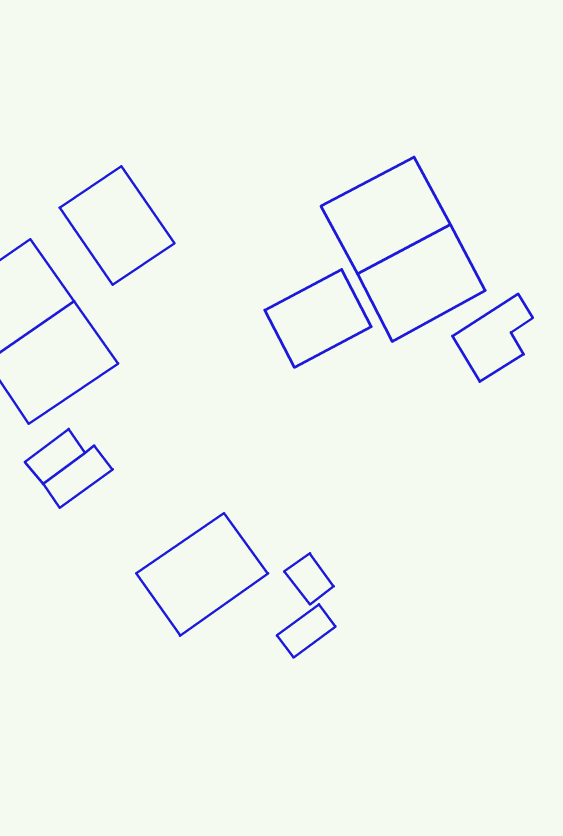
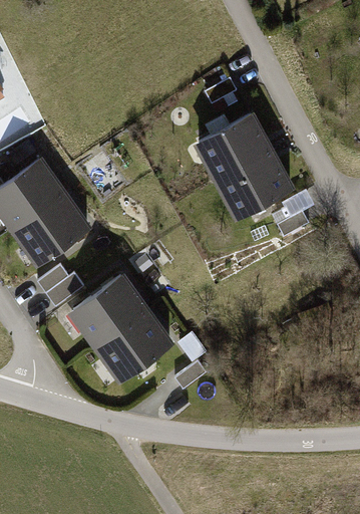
building: [60,166,174,285] -> none
building: [265,269,371,367] -> none
building: none -> [70,276,143,343]

